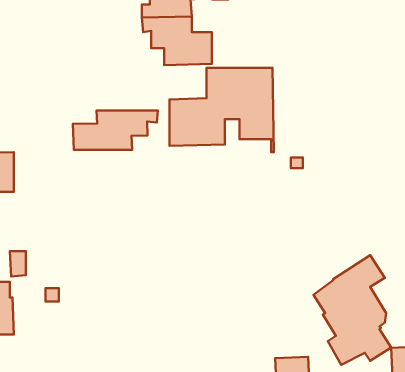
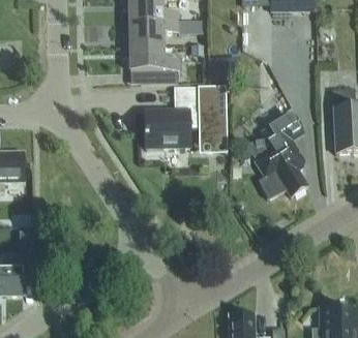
building: [73,110,158,150] -> none
building: [313,255,391,365] -> [247,114,308,199]

